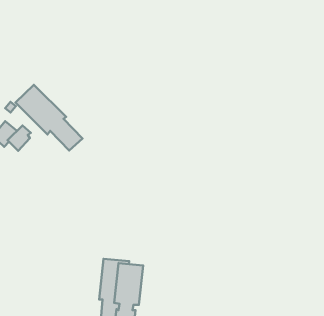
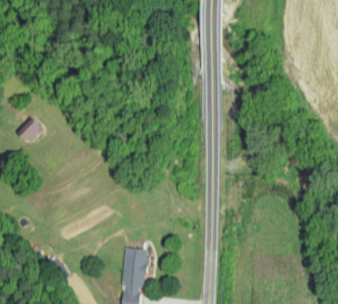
building: [15,85,83,151] -> none

